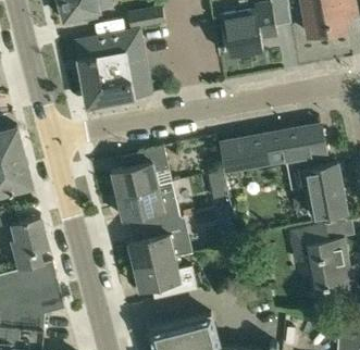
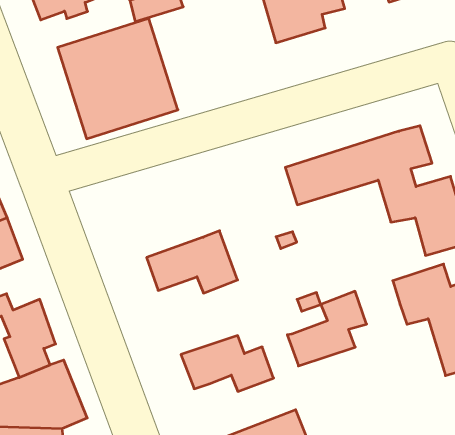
building: [112,149,169,197] -> none
building: [128,220,185,267] -> [287,291,367,366]

